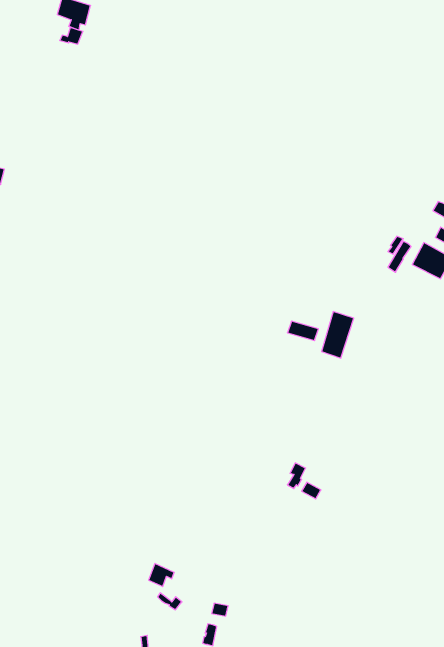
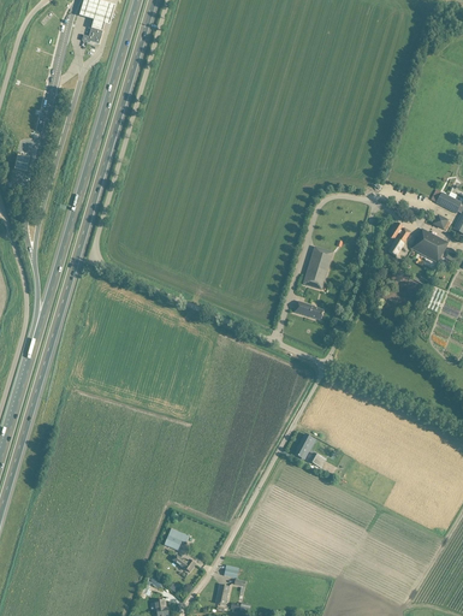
building: [322,312,354,358] -> [303,247,333,290]

